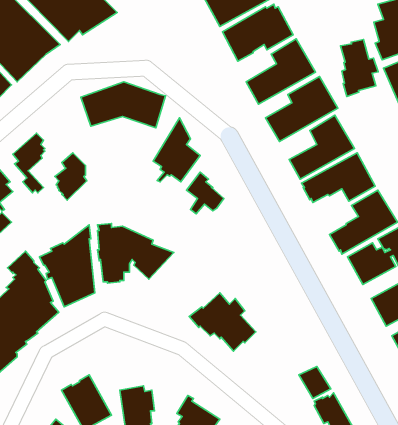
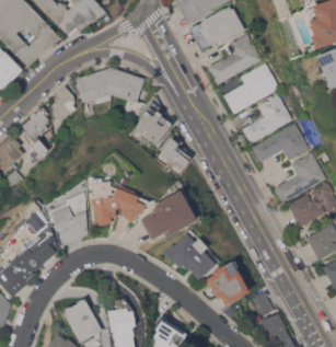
building: [341,40,378,96] -> none
building: [55,153,87,200] -> [50,86,76,124]
building: none -> [140,192,197,241]
building: none -> [207,261,250,305]

